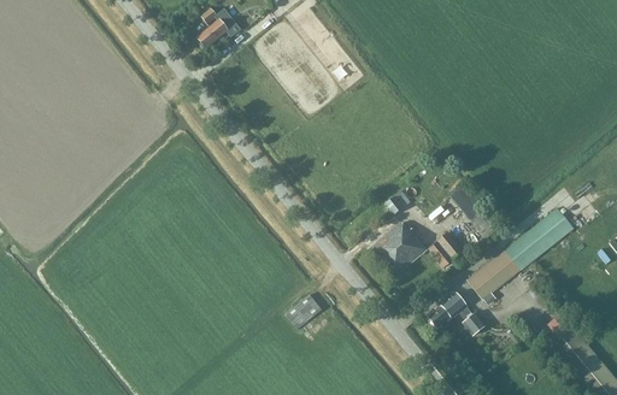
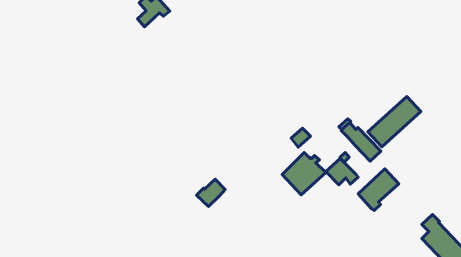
building: [504,207,574,270] -> [368,97,421,147]
building: [429,293,487,336] -> none
building: [284,294,322,329] -> [197,179,225,207]

